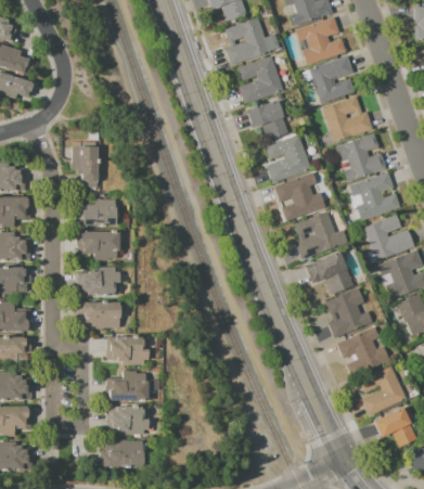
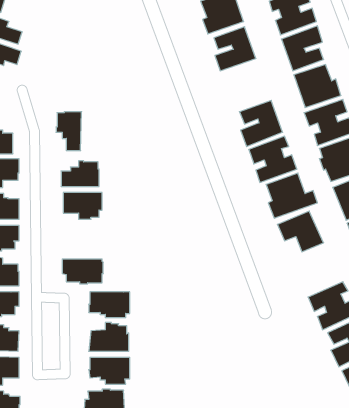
building: [246,100,287,140] -> none
building: [78,267,120,295] -> none
building: [325,288,372,338] -> none

